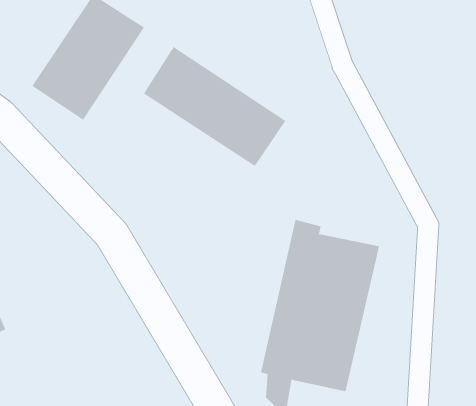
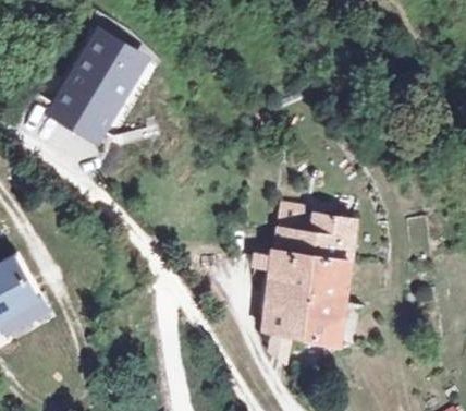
building: [143,46,286,167] -> none

